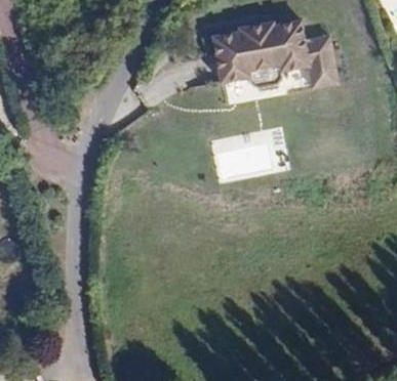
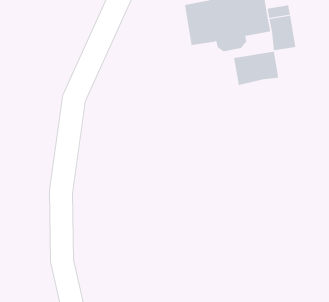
building: none -> [233,51,279,86]

